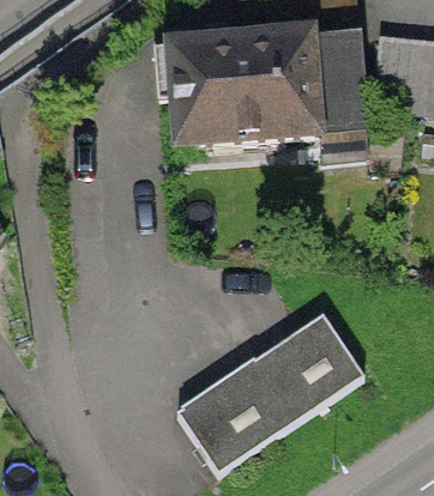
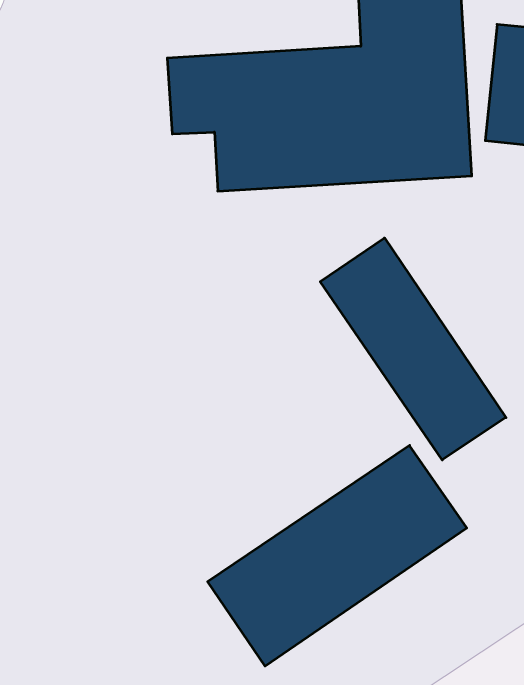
building: none -> [320,238,506,460]

